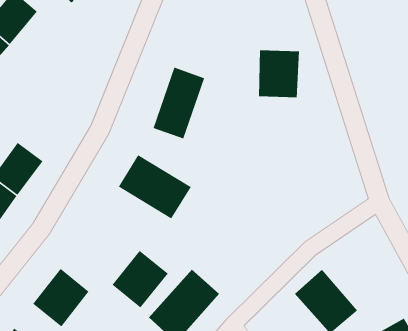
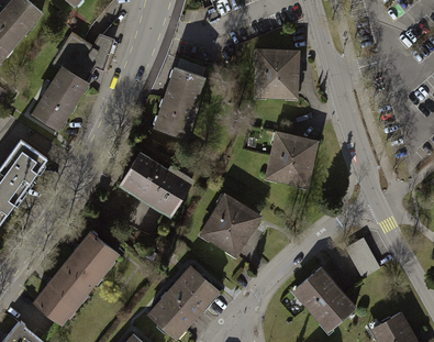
building: none -> [33,33,113,131]
building: none -> [266,133,315,187]
building: none -> [198,195,258,256]
building: none -> [345,239,379,277]
building: [111,250,169,308] -> [63,231,119,288]

